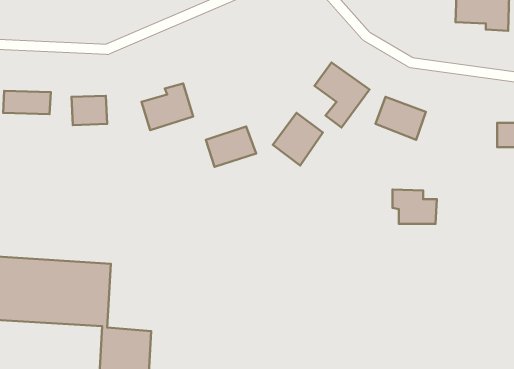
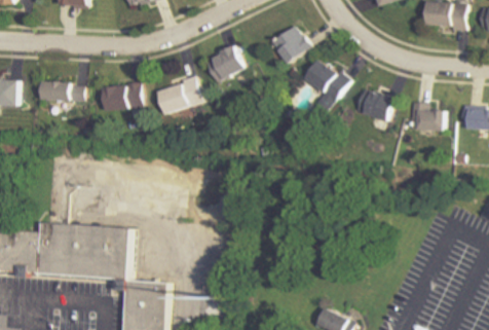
building: none -> [272,25,311,64]
building: [273,113,323,166] -> none
building: [206,126,256,167] -> [205,46,248,80]
building: [393,189,437,224] -> [409,102,446,131]

